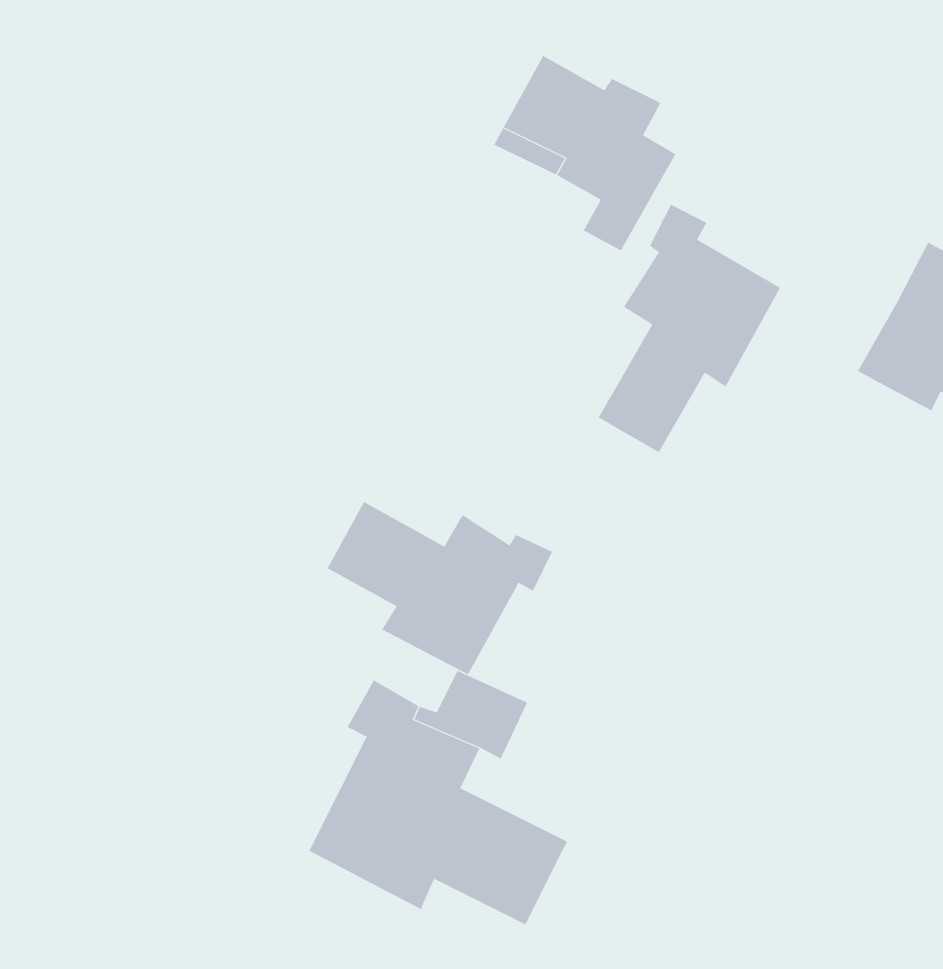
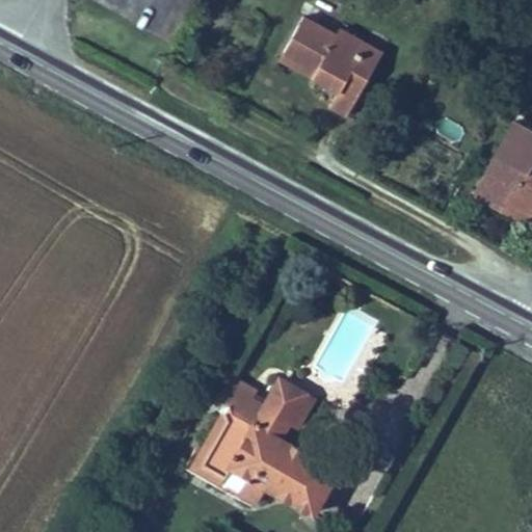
building: [598,204,781,453] -> none
building: [327,501,553,675] -> none

